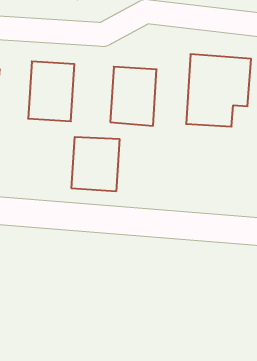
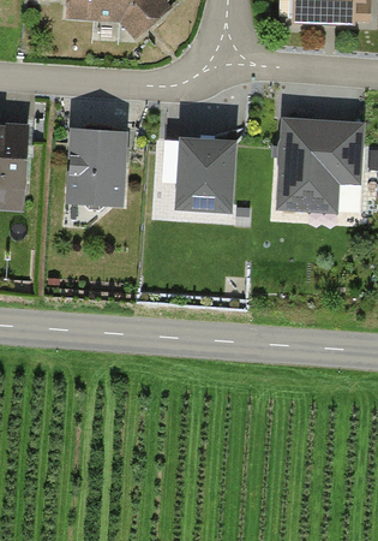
building: [72,137,119,191] -> none

